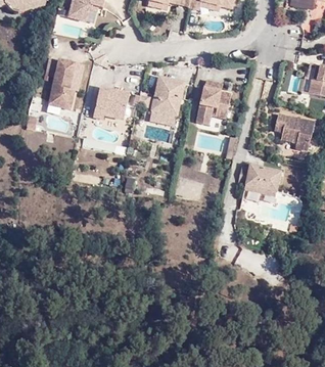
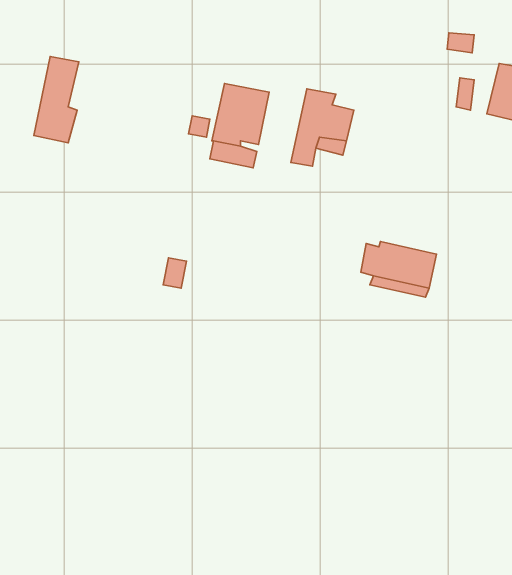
building: [95,88,130,119] -> none
building: [273,114,313,149] -> none

